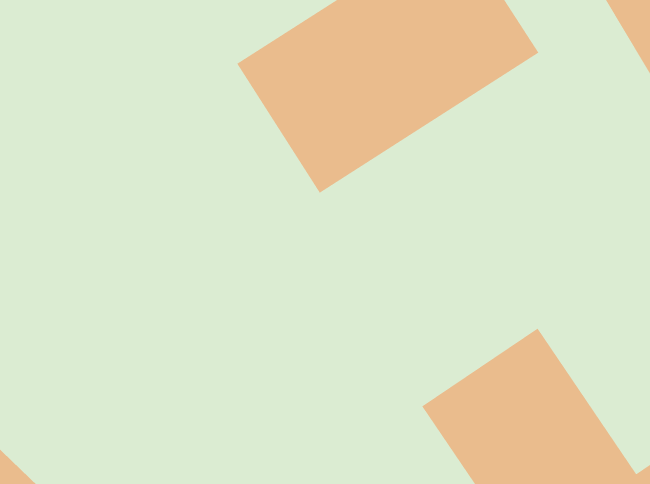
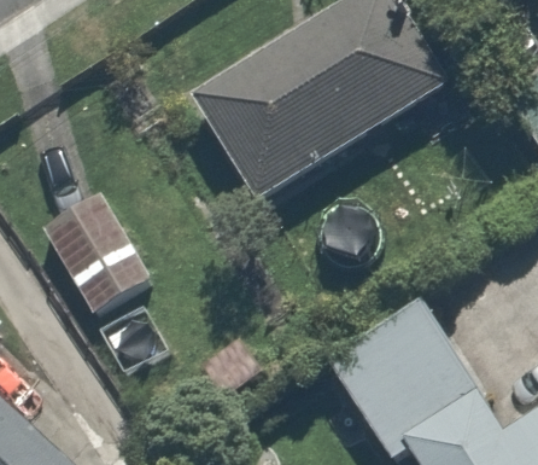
building: none -> [37,185,156,304]

